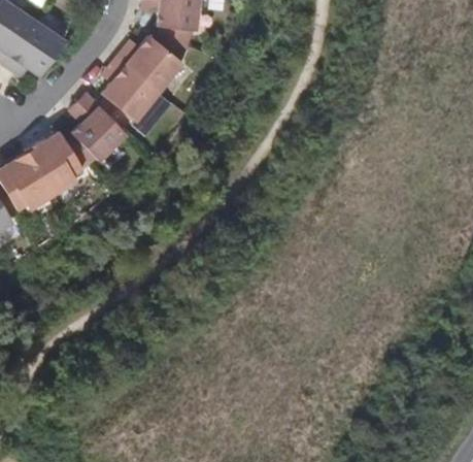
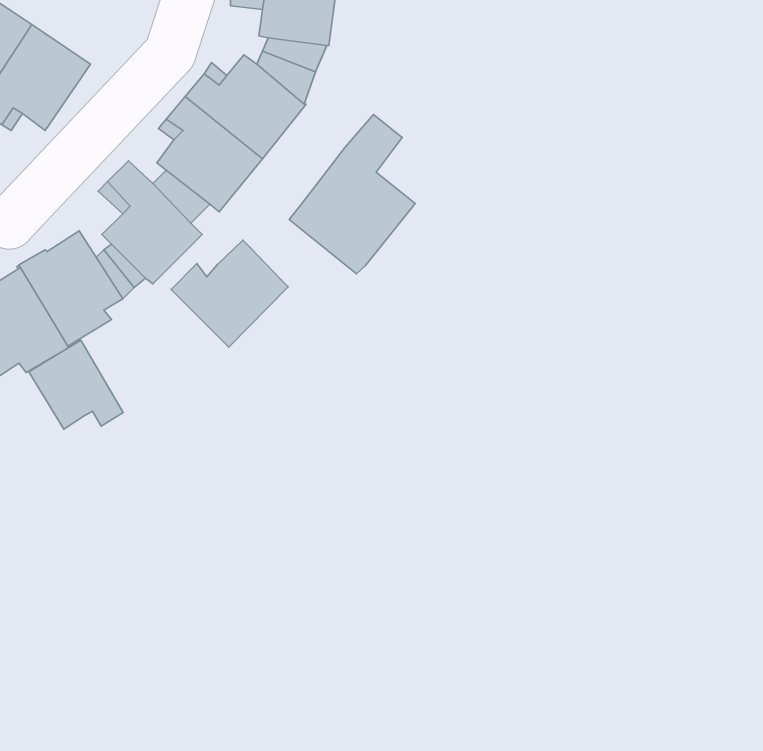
building: none -> [289,114,415,274]
building: none -> [171,240,288,347]
building: none -> [29,340,123,429]

